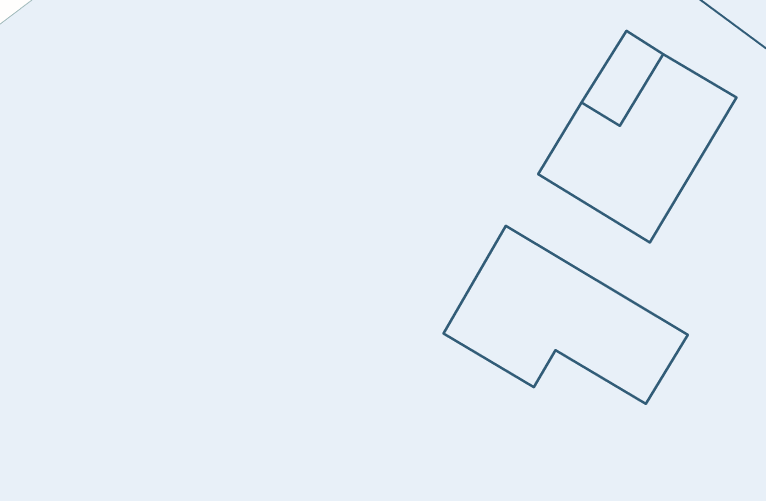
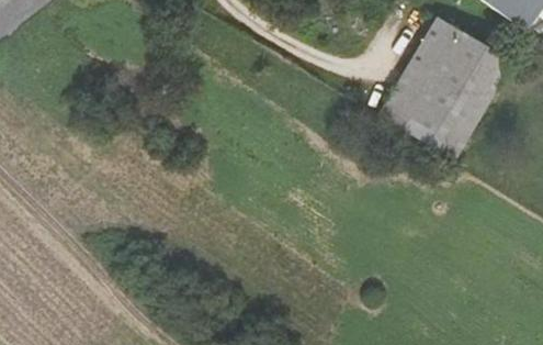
building: [443,226,688,404] -> none

